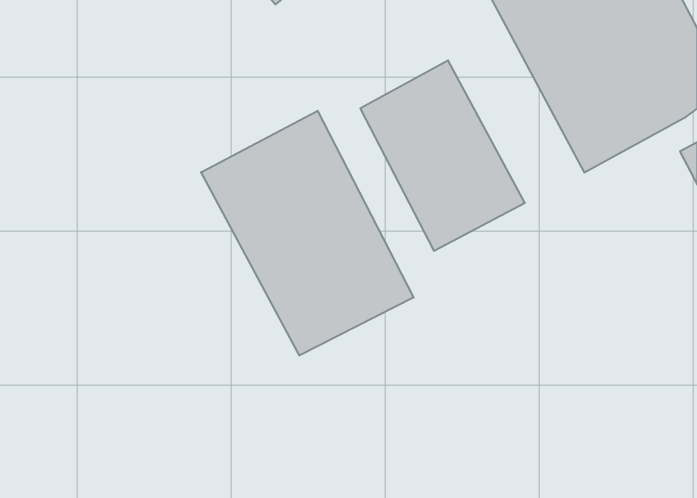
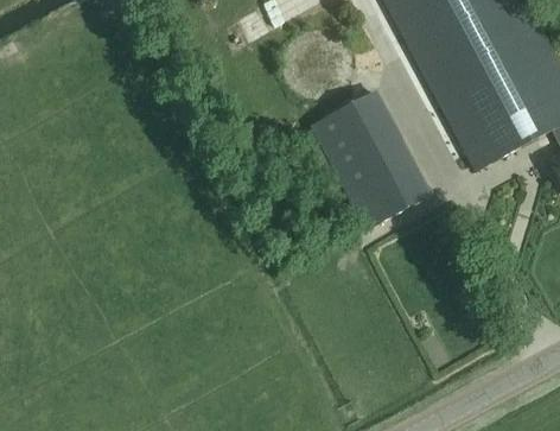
building: [201,111,414,356] -> none

